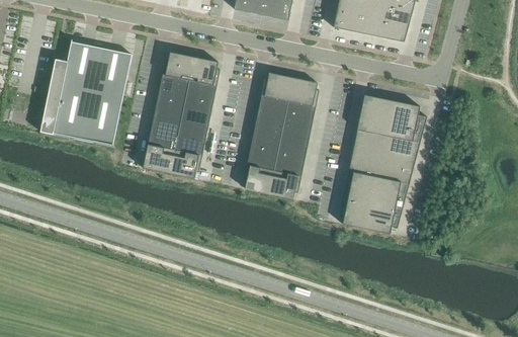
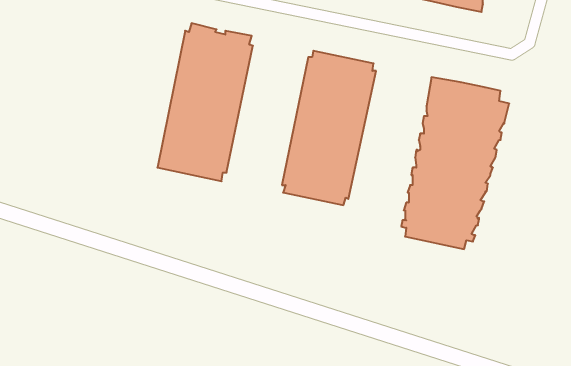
building: [41,38,132,147] -> none

